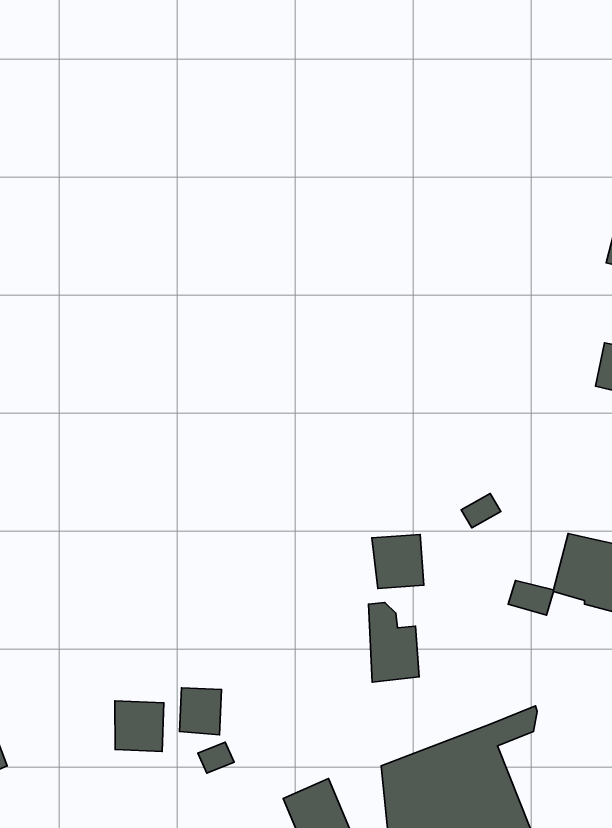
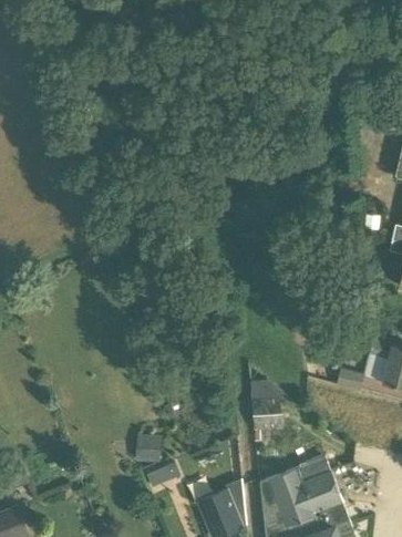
building: [372,535,424,589] -> none
building: [115,701,164,752] -> none

